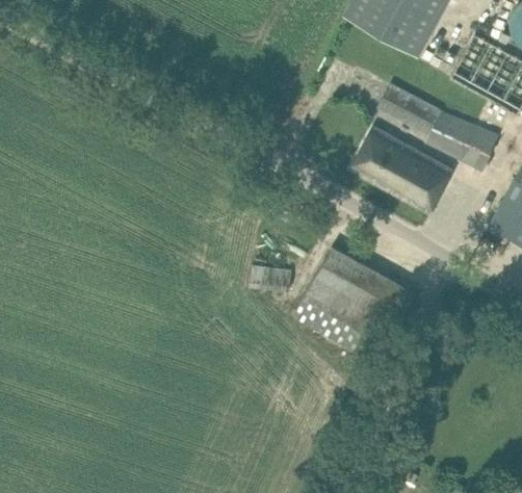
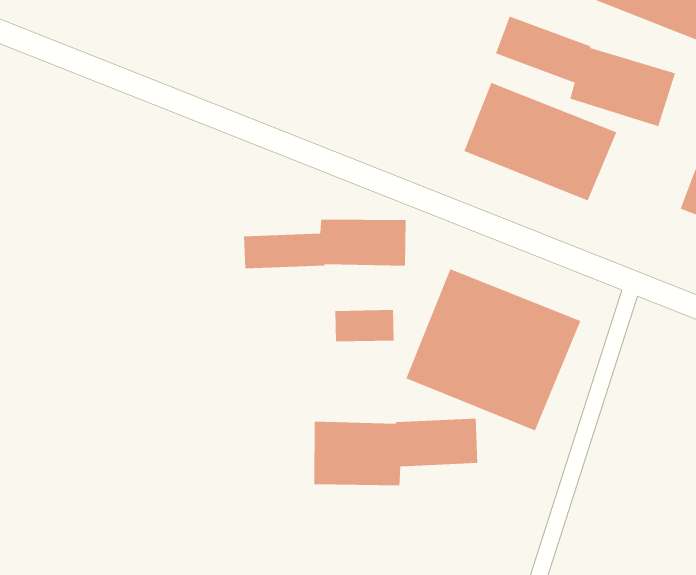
building: none -> [243,219,406,269]
building: none -> [314,418,478,486]

